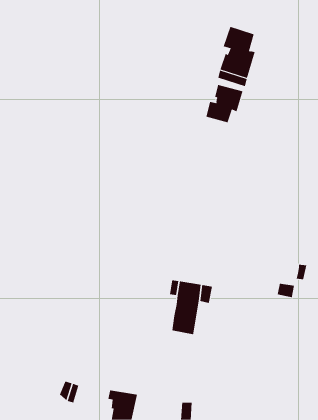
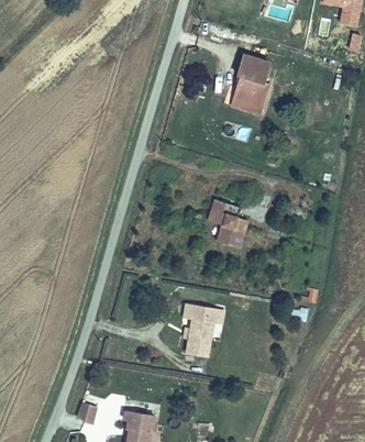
building: [206,84,243,123] -> none
building: none -> [208,199,245,251]

